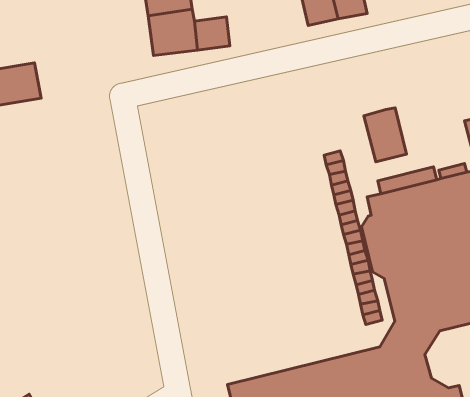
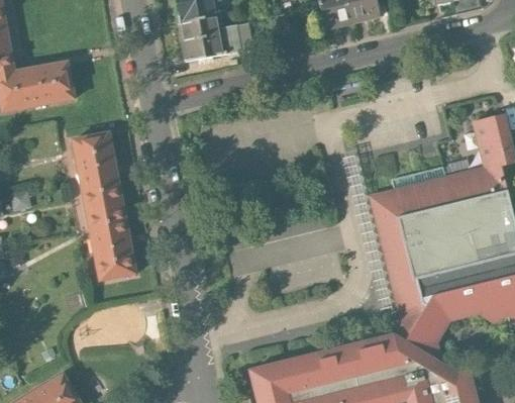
building: [364,108,407,162] -> none
building: none -> [66,121,135,279]

